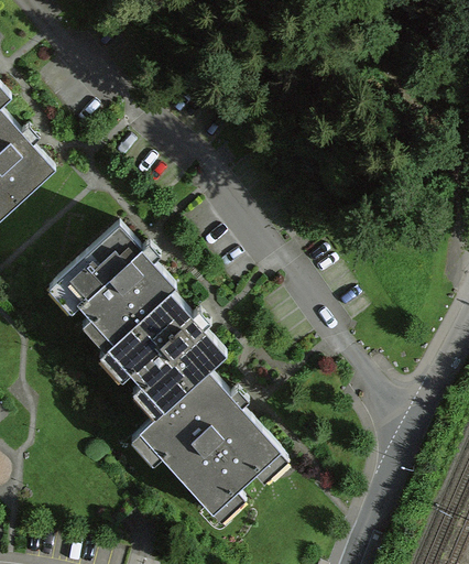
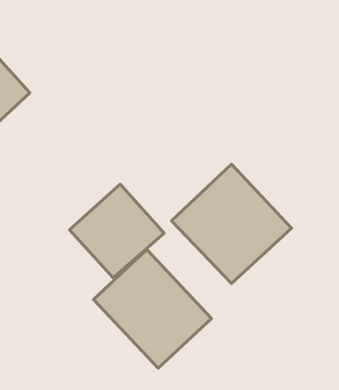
building: [48,225,170,345] -> none
building: none -> [172,164,292,283]

